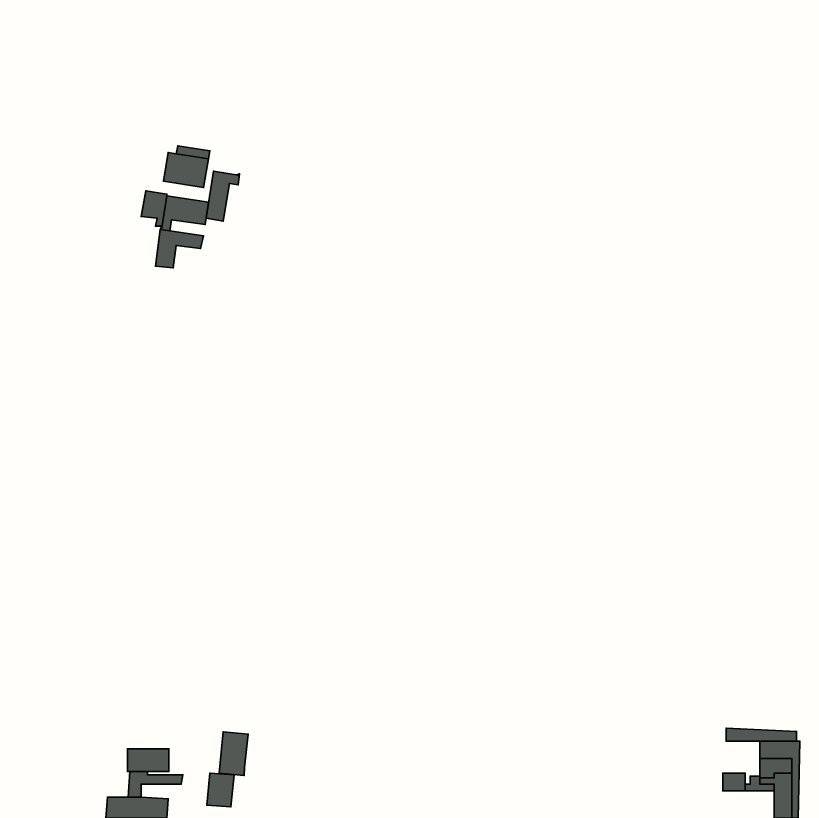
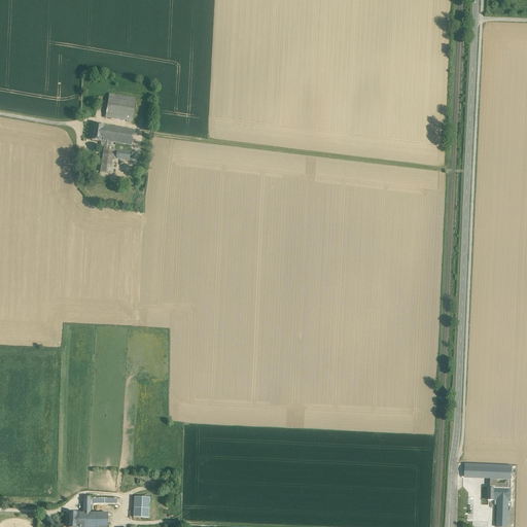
building: [206,171,240,221] -> none
building: [219,732,248,776] -> none
building: [127,749,169,771] -> none

